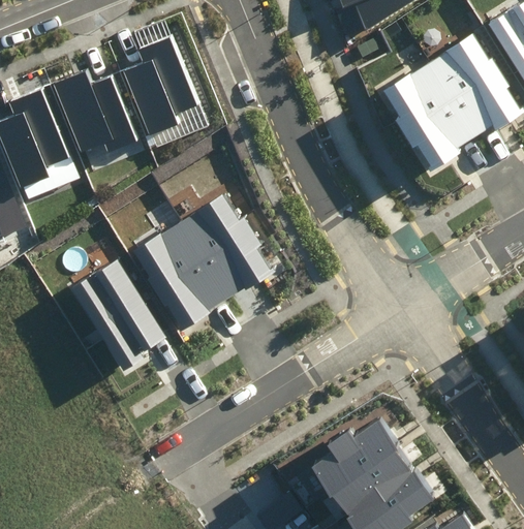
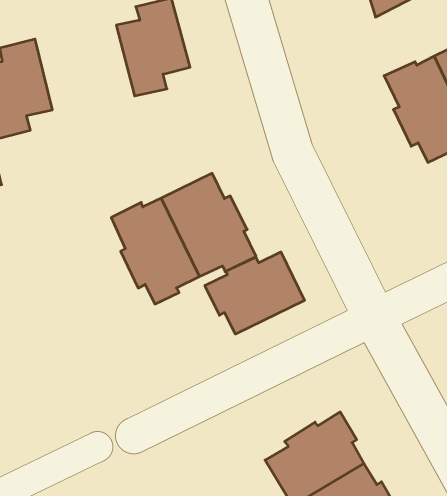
building: [53,70,136,151] -> none
building: [75,263,165,368] -> none
building: none -> [205,252,304,334]

